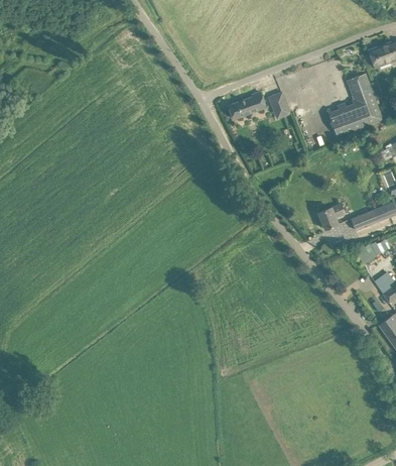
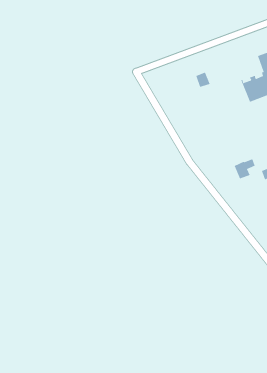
building: [229,92,265,119] -> none

